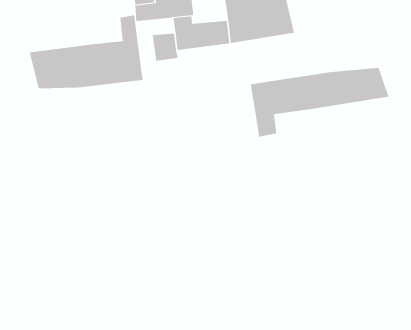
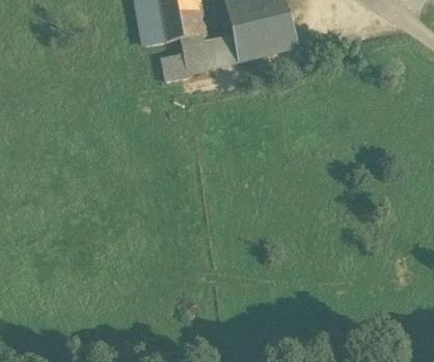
building: [29,15,143,89] -> none
building: [250,67,389,137] -> none

